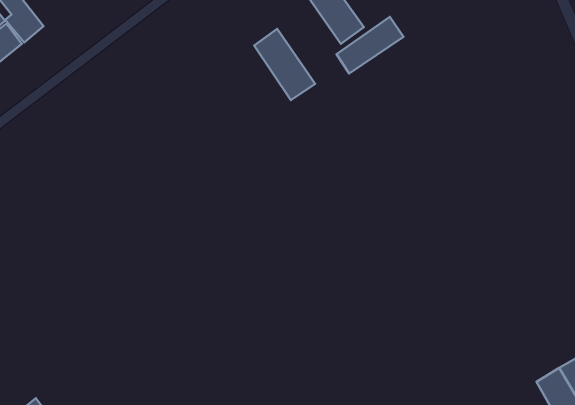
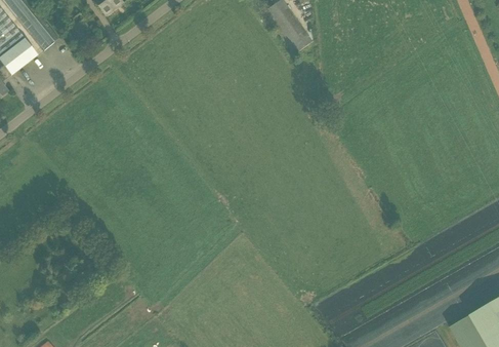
building: [336,17,403,74] -> none
building: [254,29,315,100] -> none

